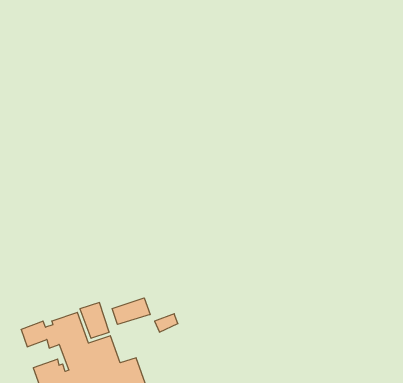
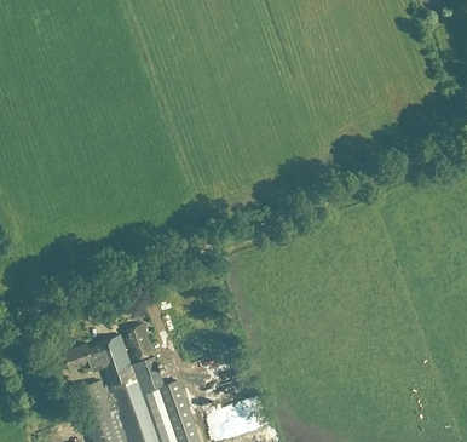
building: [112,298,150,324] -> none

